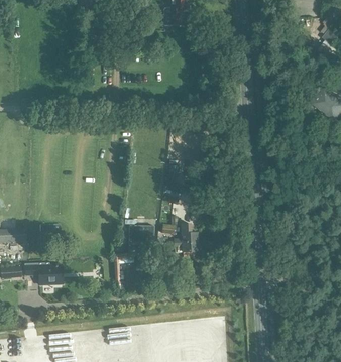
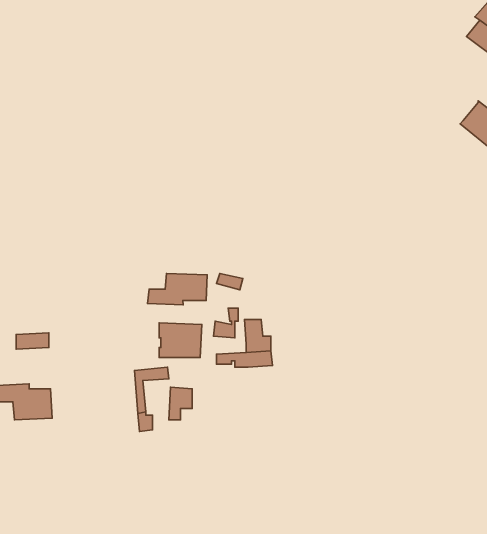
building: none -> [148,274,207,305]

